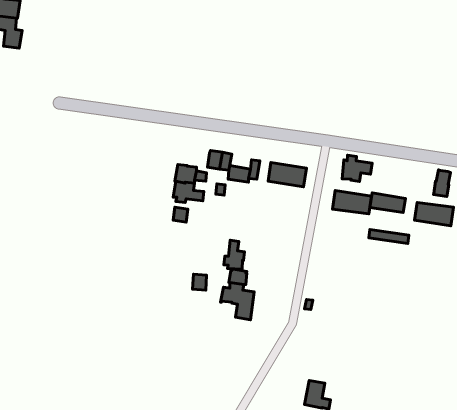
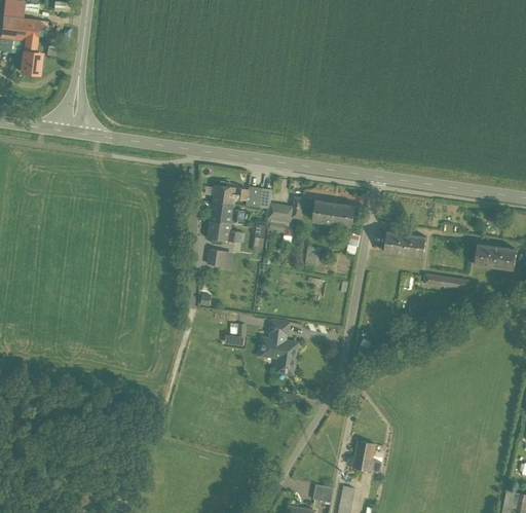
building: none -> [213,181,248,205]
building: [342,155,372,182] -> none
building: [434,170,451,197] -> none
building: [370,193,405,212] -> none
building: [224,240,244,269] -> none

